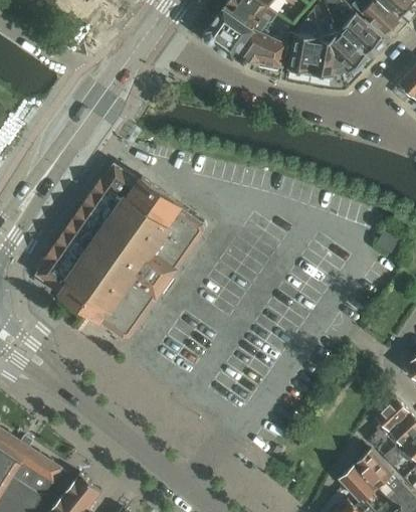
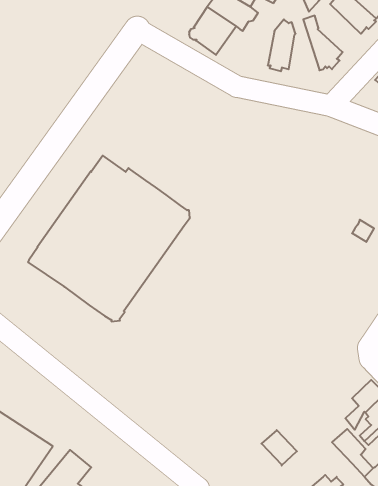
building: [340,13,383,55] -> none
building: [309,21,342,80] -> none
building: [233,28,286,68] -> none
building: [339,465,376,502] -> [261,430,297,466]

